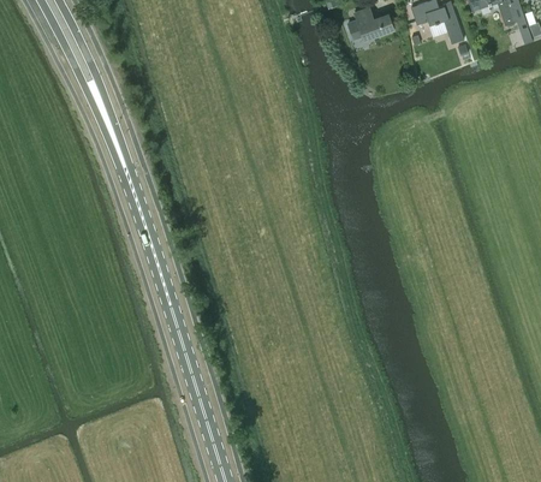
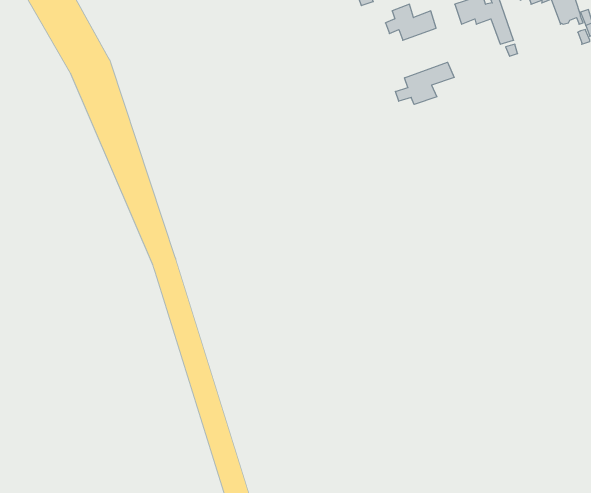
building: none -> [395,62,454,104]

